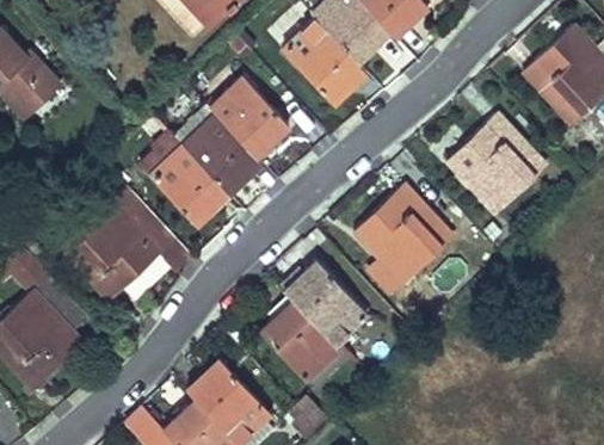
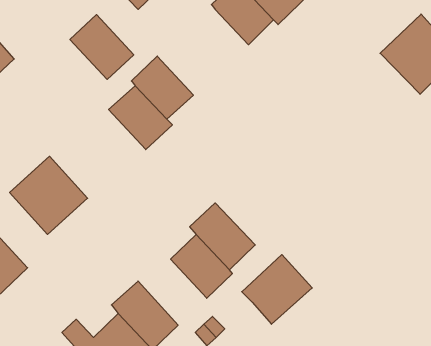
building: [282,19,368,104] -> none
building: [446,113,546,212] -> none
building: [149,144,229,225] -> [70,15,134,79]
building: [109,187,191,273] -> none
building: [365,196,454,283] -> [242,255,312,324]

